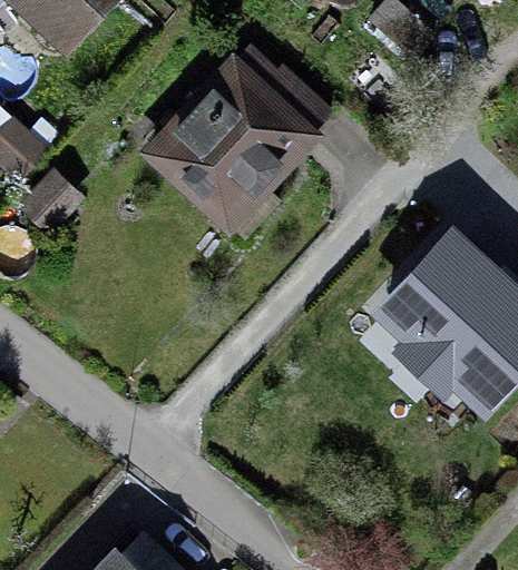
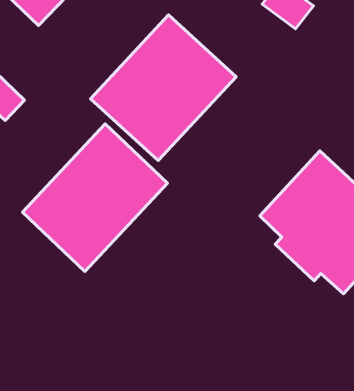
building: none -> [23,124,167,272]

